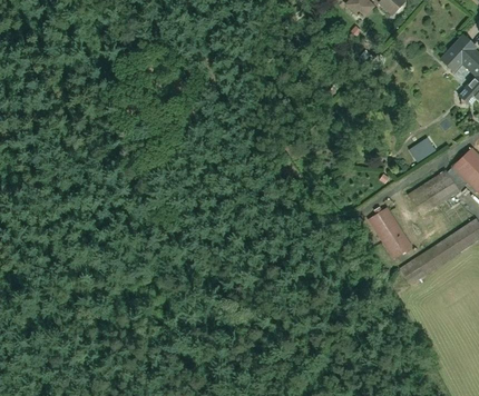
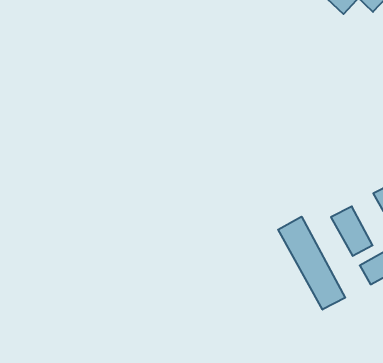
building: none -> [278,217,345,310]

